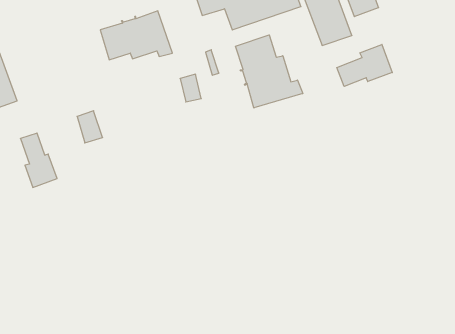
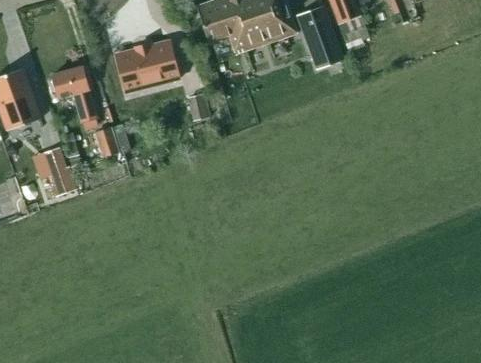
building: [235,35,303,108] -> none
building: none -> [51,66,93,112]
building: [337,44,392,86] -> none

